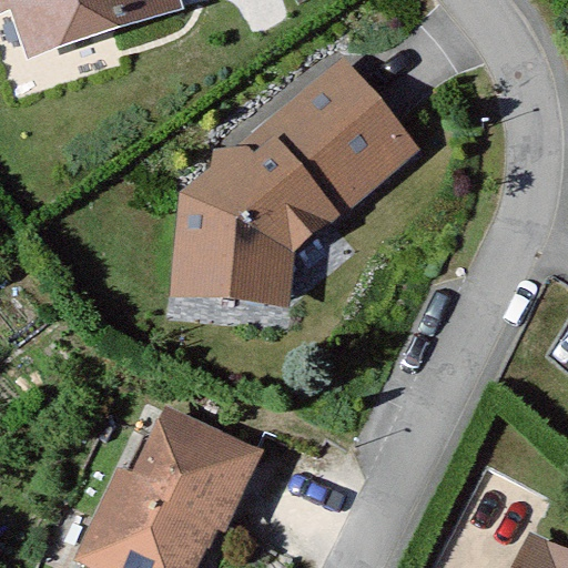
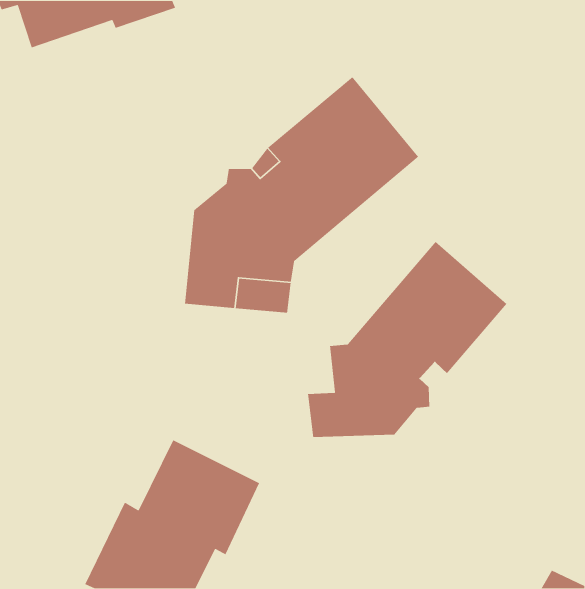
building: none -> [307,241,507,438]

